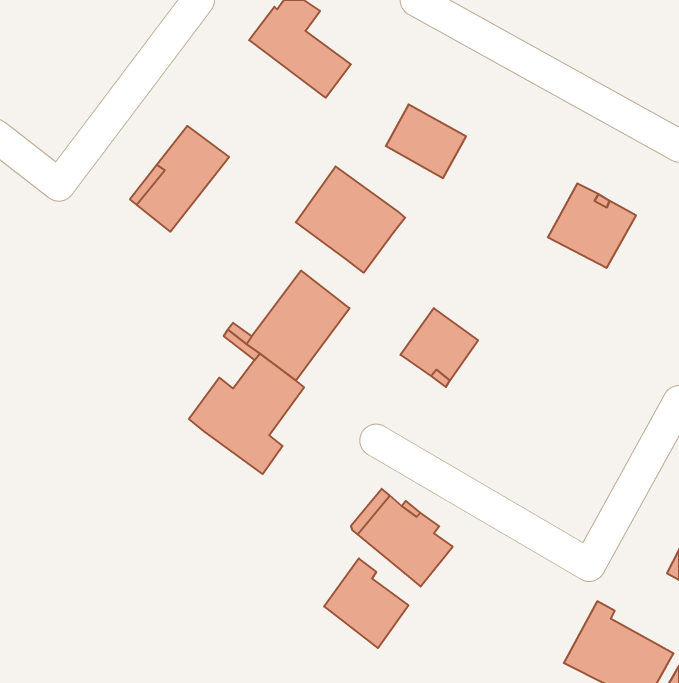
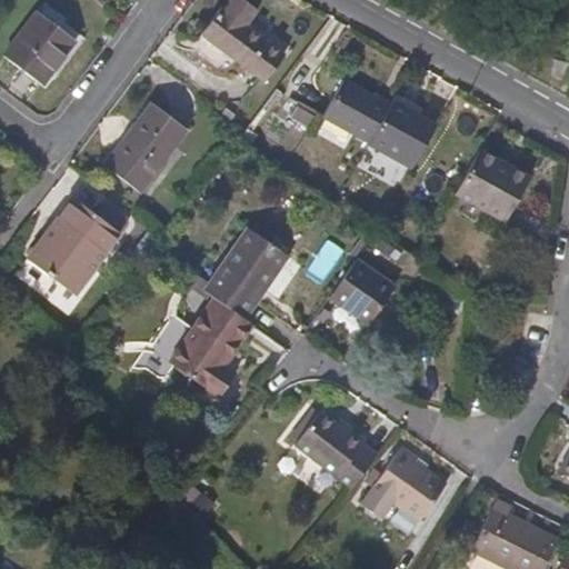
building: none -> [6,11,77,84]
building: none -> [367,100,433,172]
building: [296,166,405,273] -> none
building: none -> [28,197,121,291]
building: [324,558,408,648] -> [372,446,442,520]

